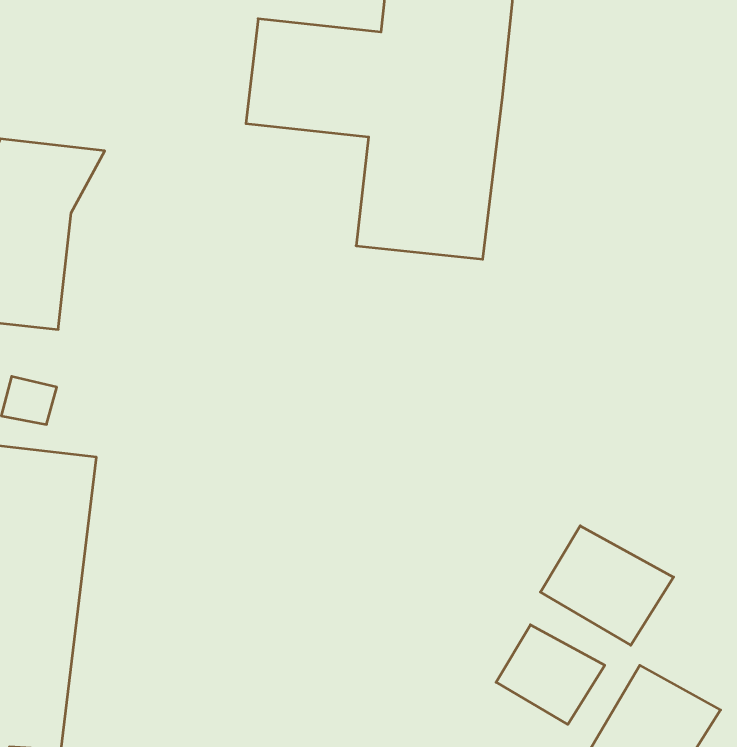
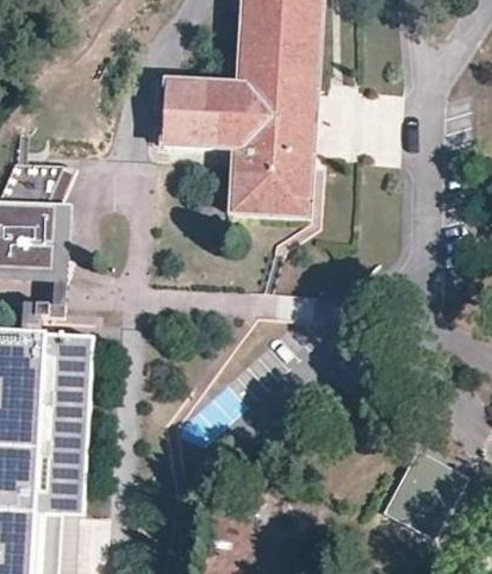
building: [540,526,674,645] -> none
building: [496,625,605,724] -> none

